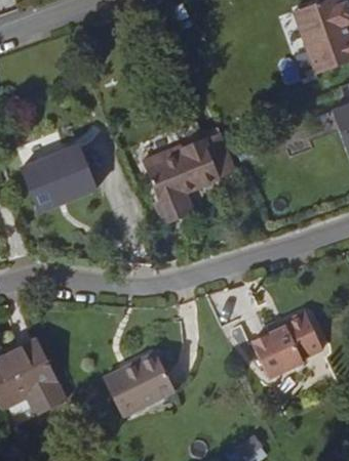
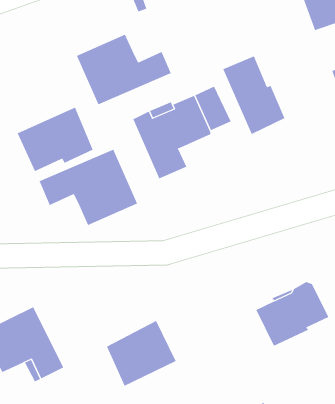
building: none -> [76,34,172,105]
building: none -> [222,55,285,135]
building: none -> [39,149,138,226]

